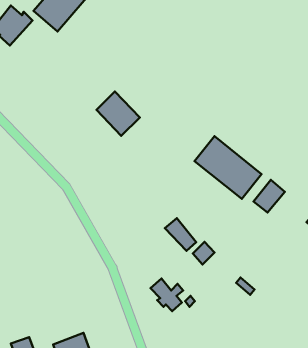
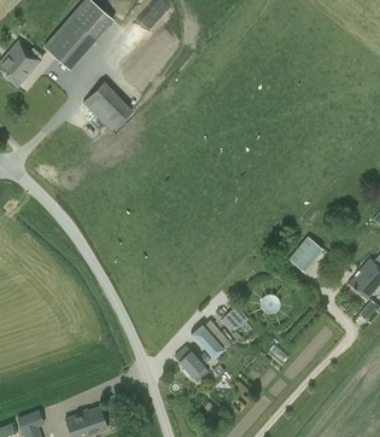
building: [96,91,140,136] -> [83,81,131,130]
building: [195,136,262,199] -> none
building: [165,218,196,251] -> [189,322,224,359]

